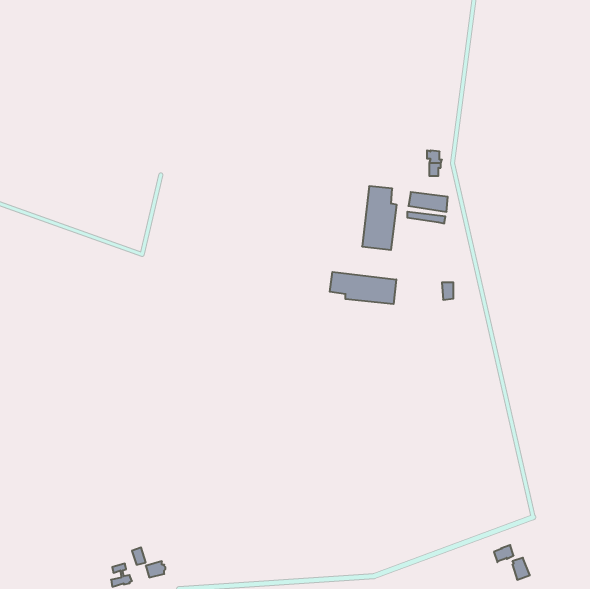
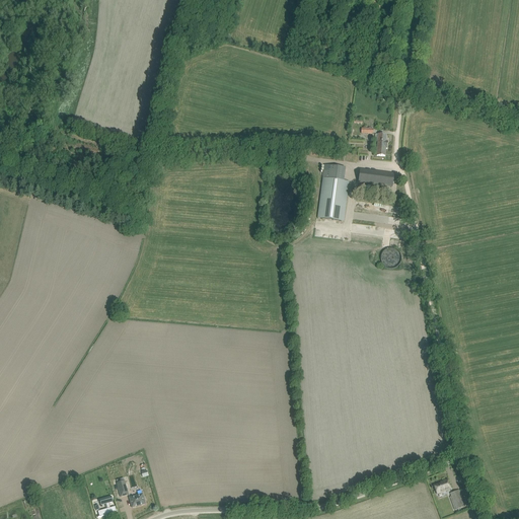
building: [330,272,396,304] -> none

